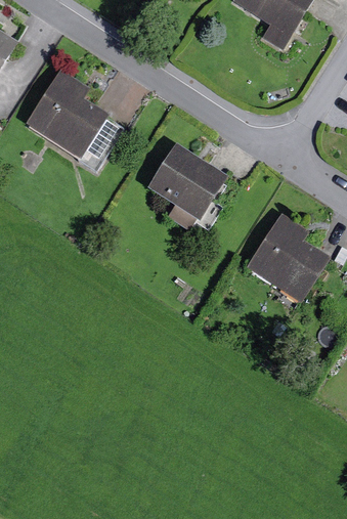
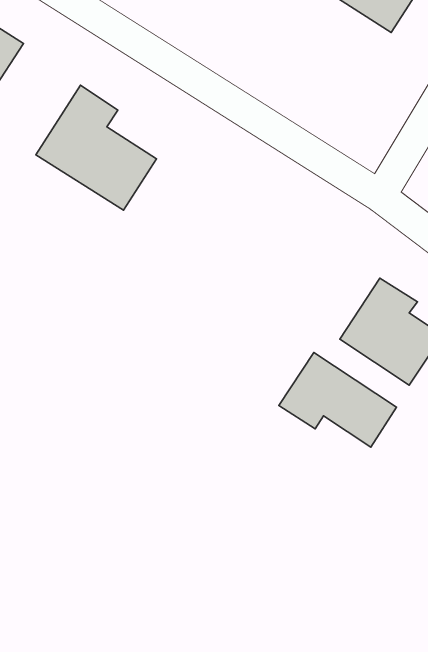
building: [140,144,223,220] -> none
building: none -> [279,352,397,447]

